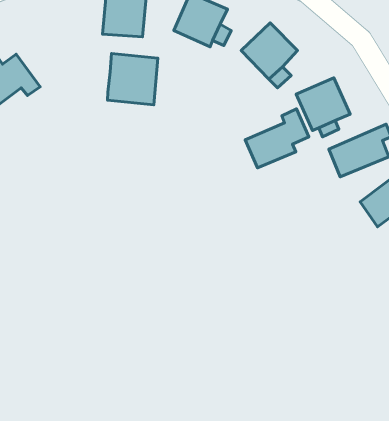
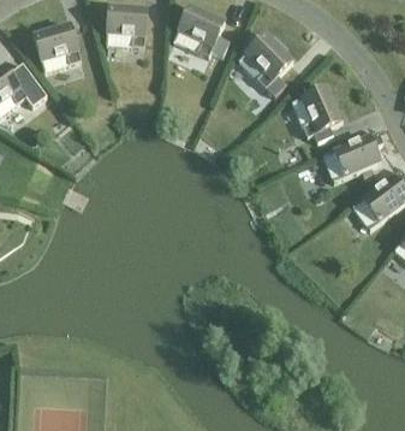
building: none -> [32,24,81,72]
building: [107,53,158,105] -> none
building: [245,109,309,168] -> none

